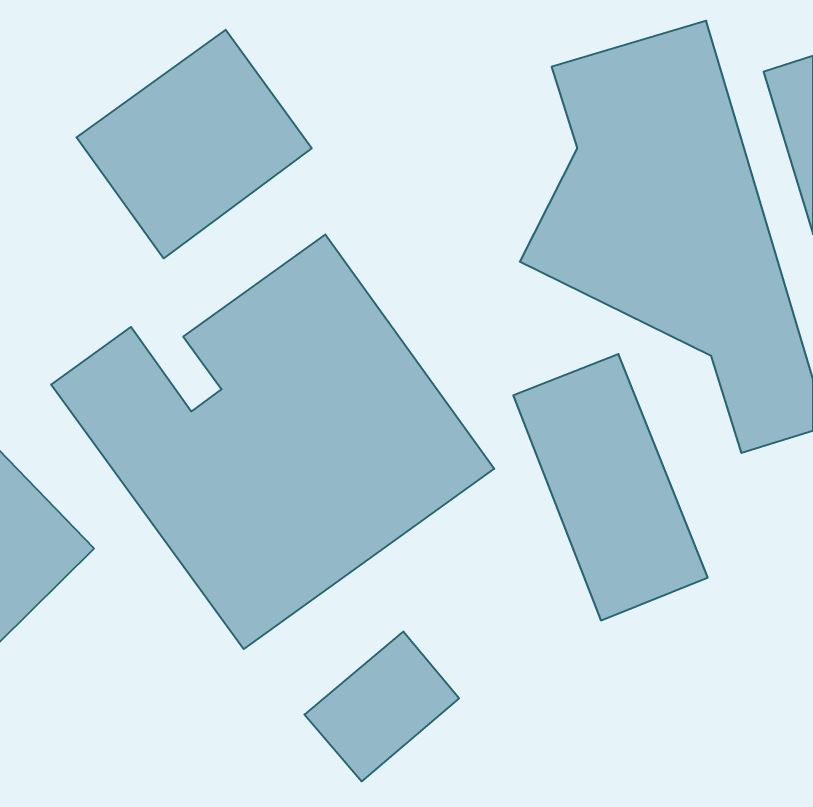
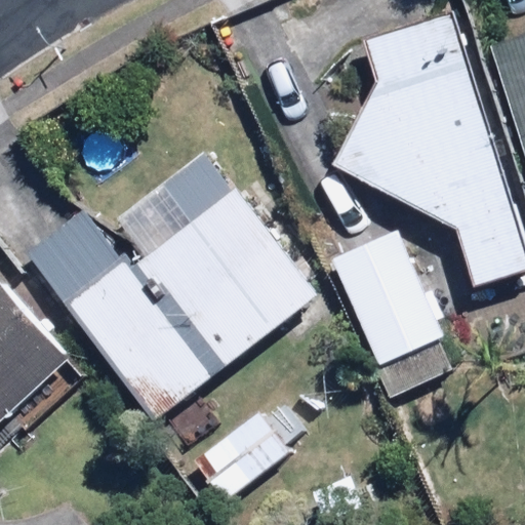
building: [76,30,312,258] -> none

